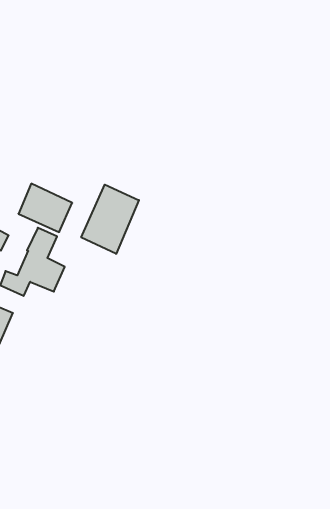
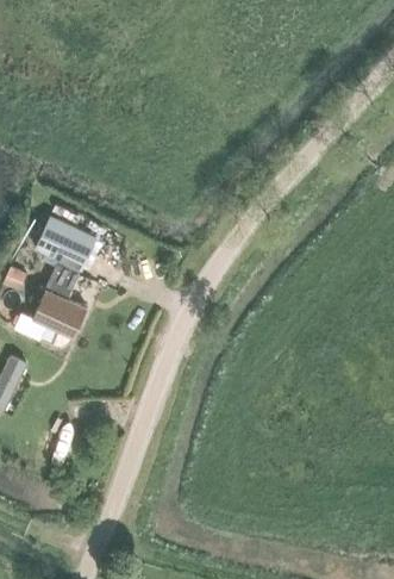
building: [81,185,139,254] -> none

